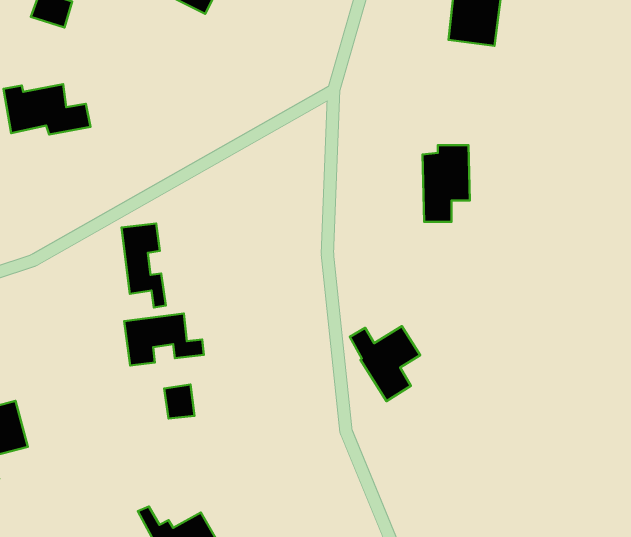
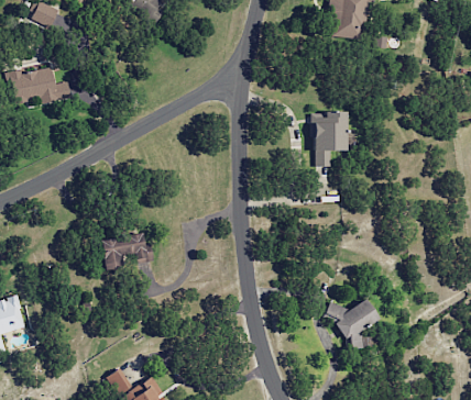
building: [121,224,166,308] -> none
building: [350,326,420,401] -> [325,298,375,352]
building: [164,384,195,419] -> none

